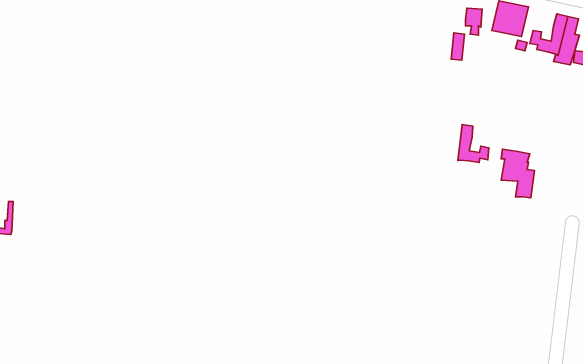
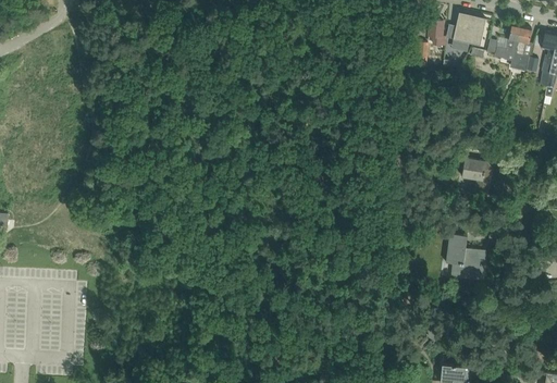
building: [458,125,489,162] -> none
building: none -> [446,234,486,280]

